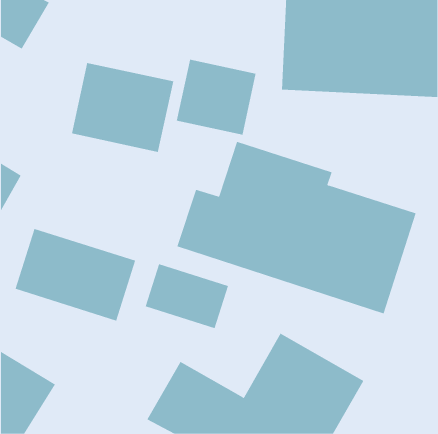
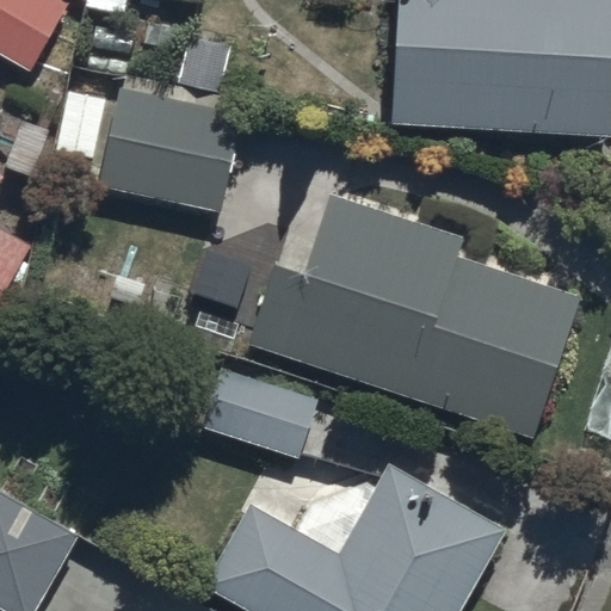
building: [176,59,256,135] -> none
building: [15,228,136,321] -> none

